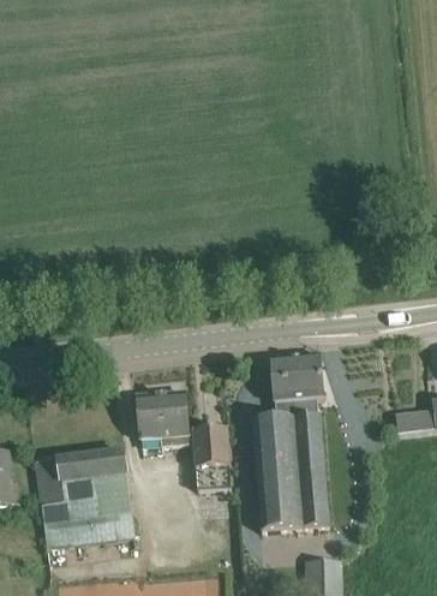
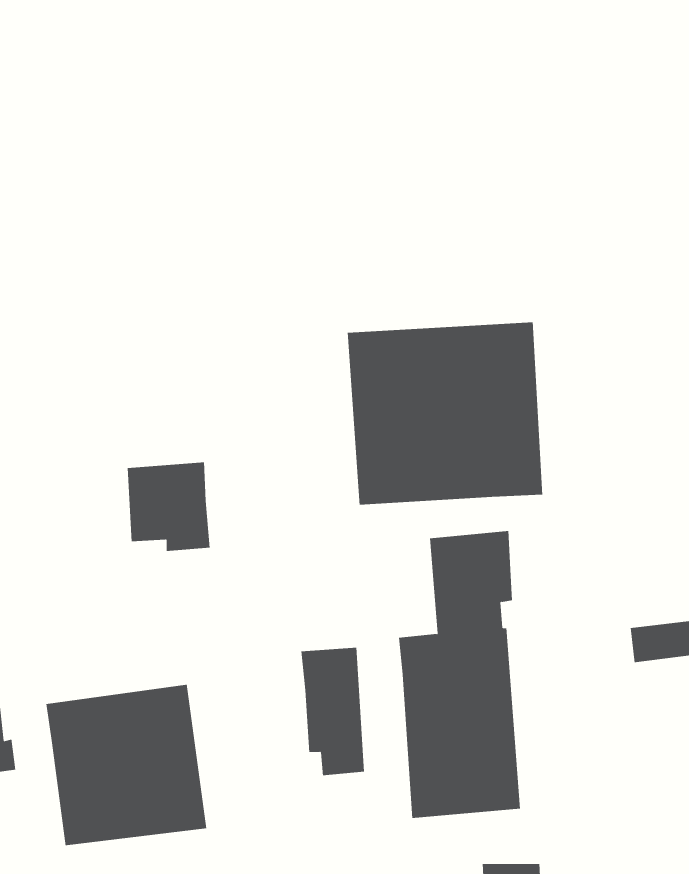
building: none -> [347,321,543,505]
building: [137,388,188,443] -> [127,462,211,552]

